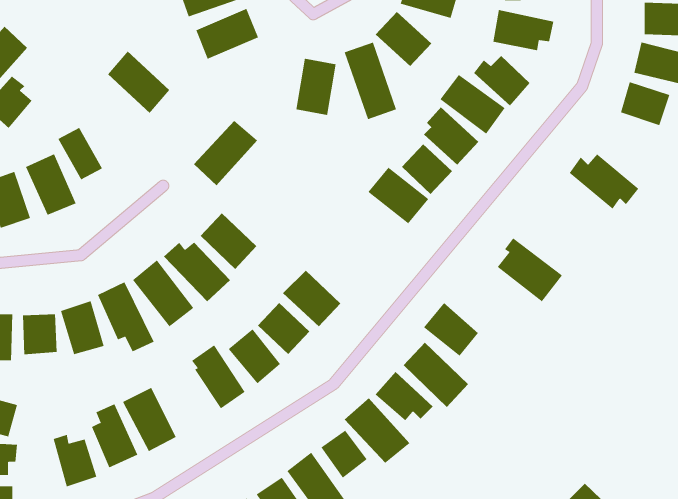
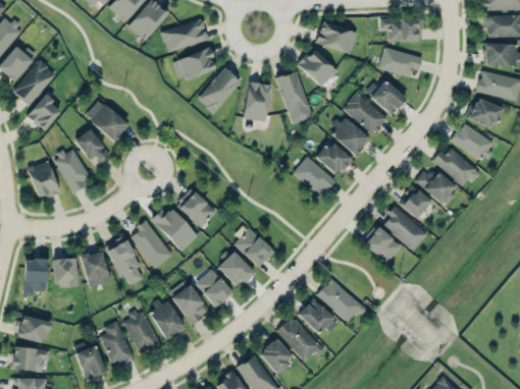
building: [107,51,170,114] -> [86,99,129,143]
building: none -> [452,122,496,162]
building: [193,120,258,186] -> [197,68,242,114]
building: none -> [415,166,457,205]
building: none -> [399,185,431,218]
building: [423,302,479,357] -> [362,225,401,263]
building: none -> [149,297,185,339]

